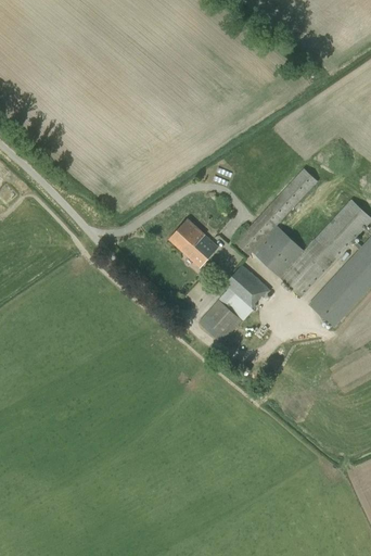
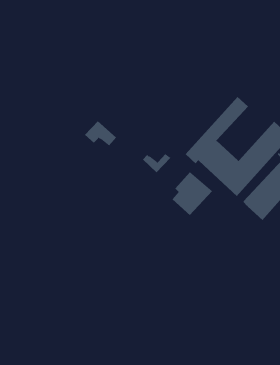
building: [169,219,210,252] -> [84,120,117,146]
building: [199,299,242,343] -> none

